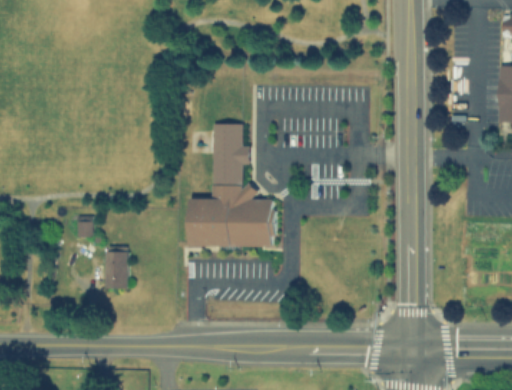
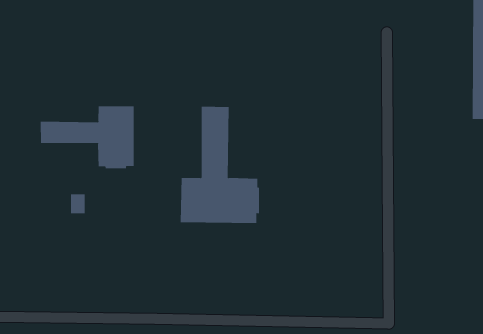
building: none -> [40,105,134,169]
building: [106,247,128,288] -> none

